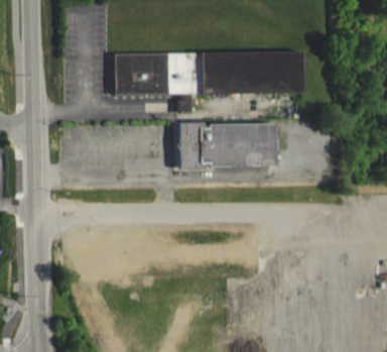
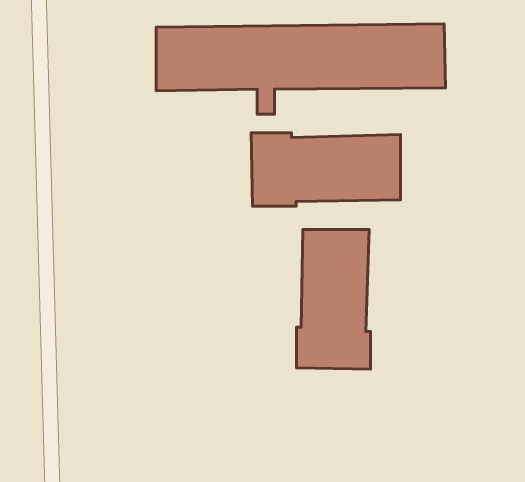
building: none -> [297,230,371,369]

